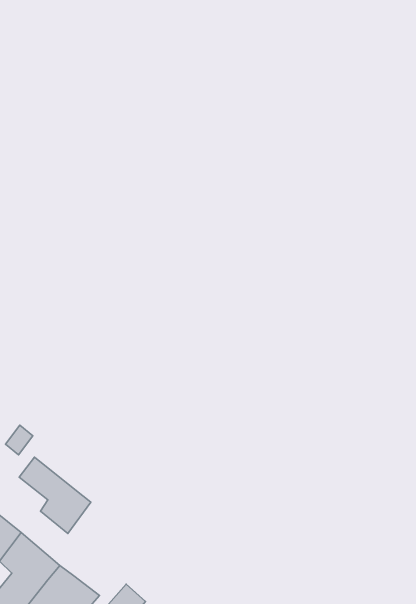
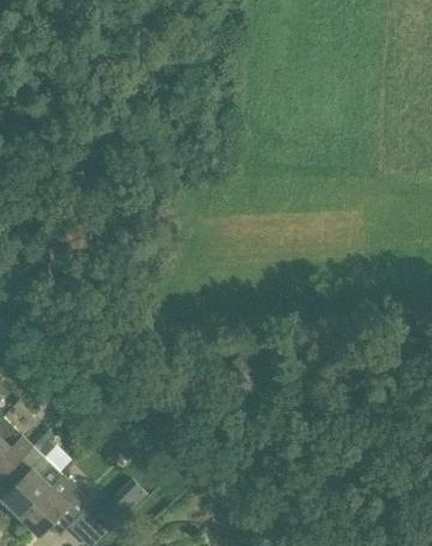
building: [19,457,91,534] -> none

